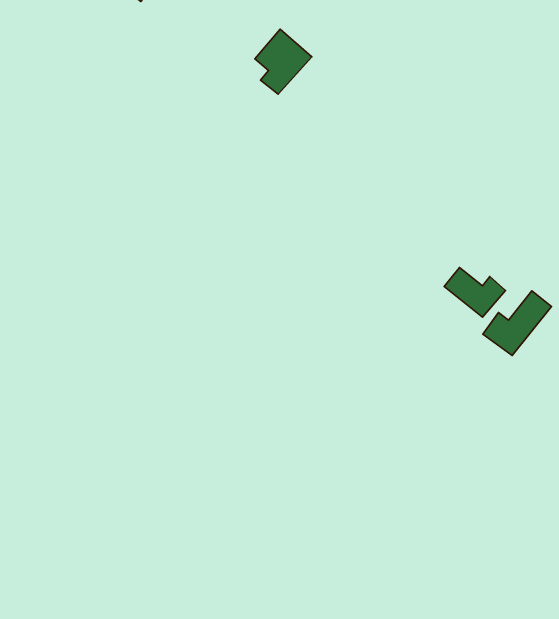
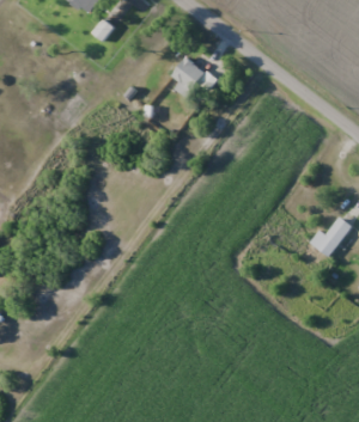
building: [444,267,506,317] -> none

